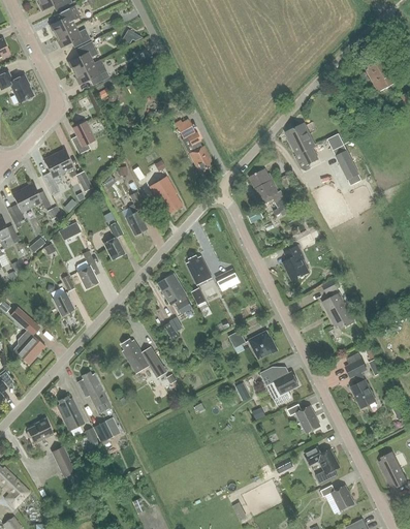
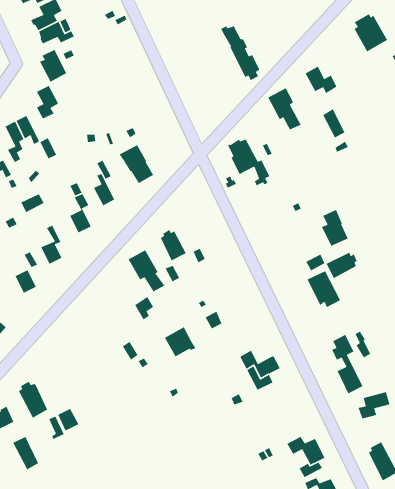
building: none -> [39,49,67,83]
building: none -> [305,66,338,94]
building: [174,119,211,170] -> [220,25,260,81]
building: [283,244,309,279] -> [321,209,349,247]
building: none -> [325,251,358,279]
building: [248,329,278,357] -> [164,326,196,357]
building: [121,338,150,372] -> none
building: [76,371,111,412] -> none
building: [286,402,319,432] -> none
building: none -> [358,391,390,419]

